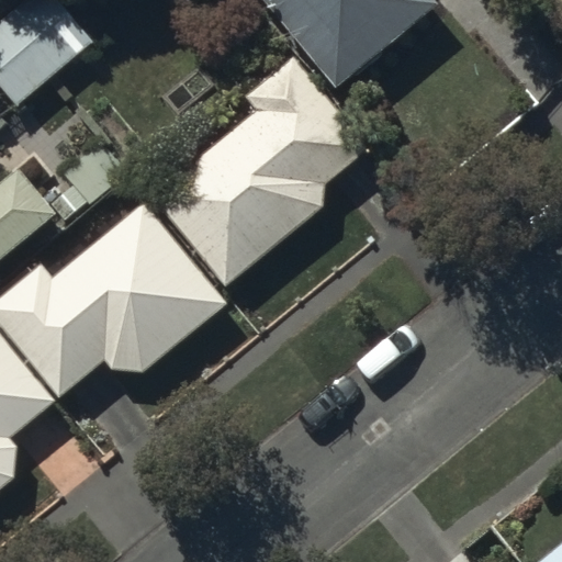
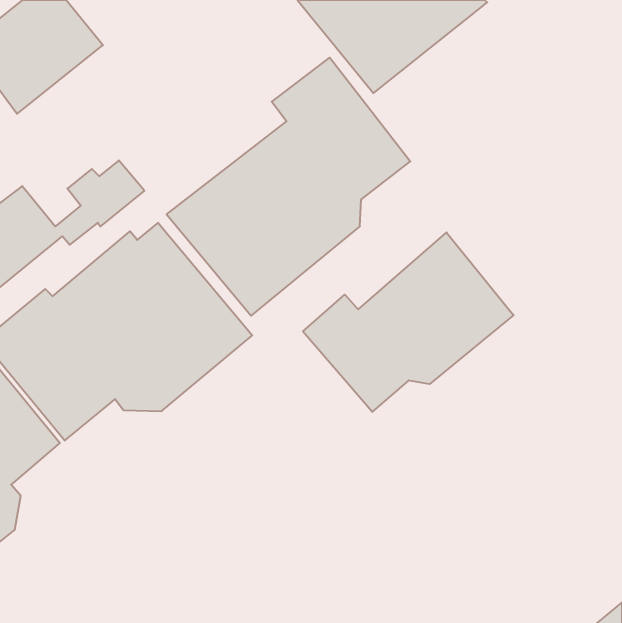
building: none -> [303,232,514,412]

